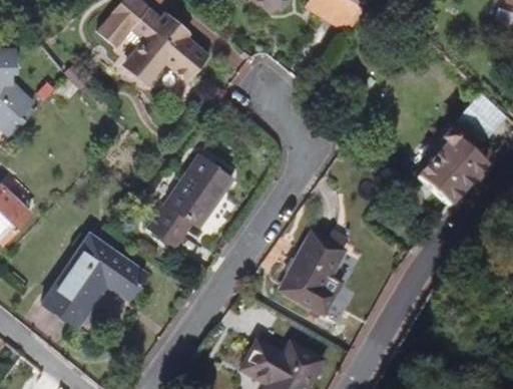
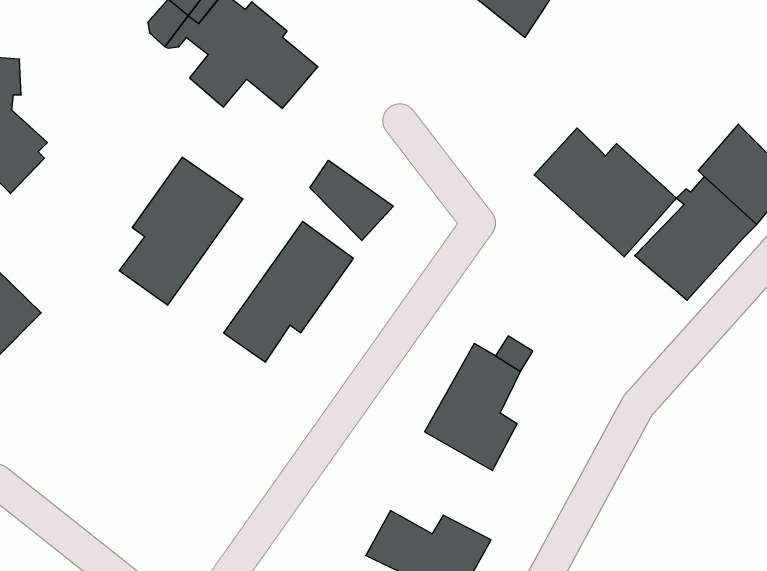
building: none -> [534,128,676,257]
building: none -> [119,157,243,305]
building: none -> [310,160,393,241]
building: [42,234,145,326] -> none

